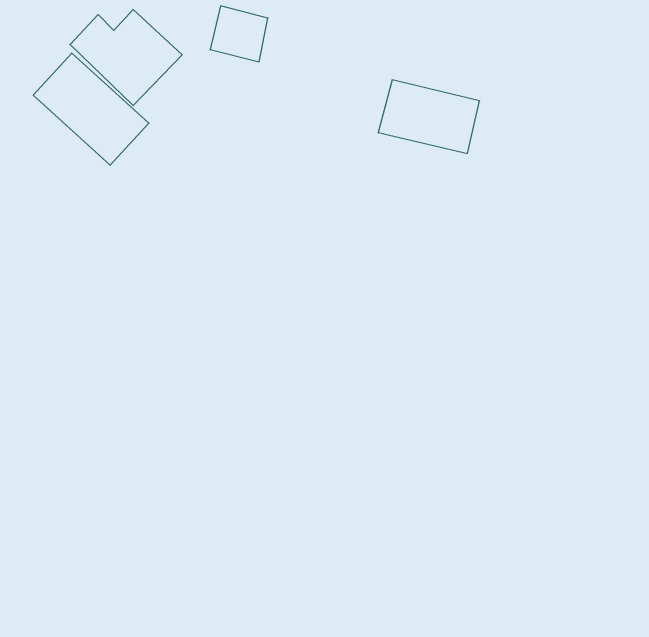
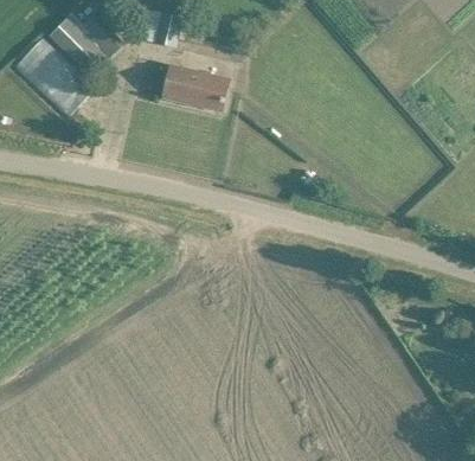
building: [378,80,480,153] -> [160,60,229,110]

